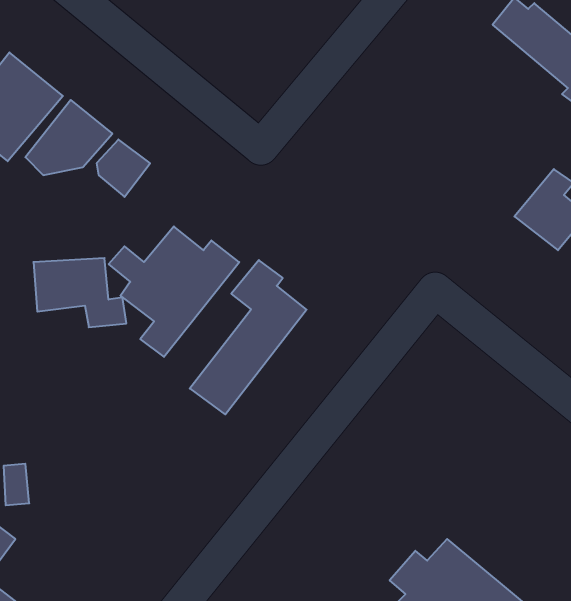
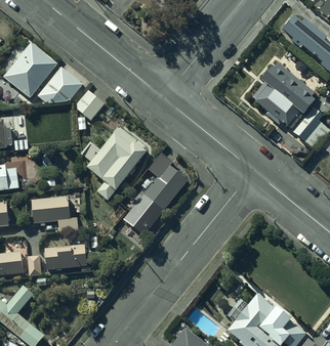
building: none -> [250,61,313,128]
building: [33,258,126,327] -> [32,194,80,230]
building: none -> [44,241,87,270]

